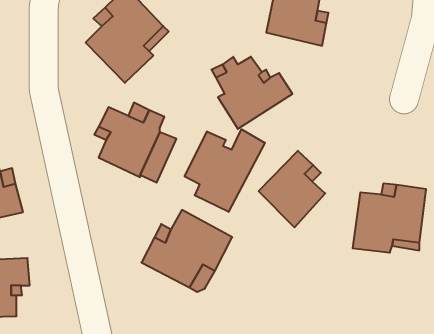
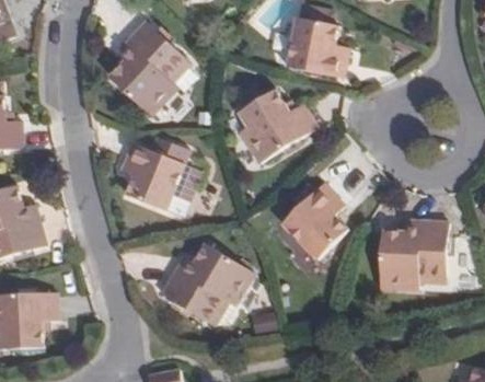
building: [185,129,265,212] -> none

